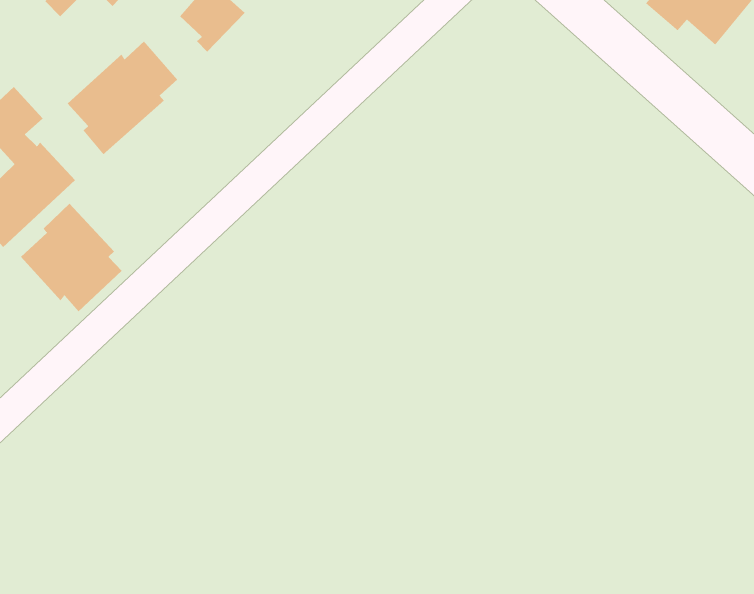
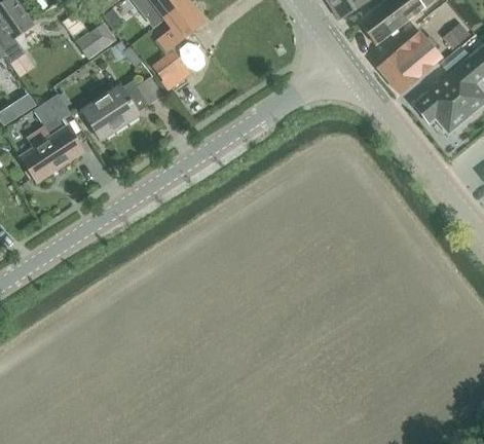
building: [20,203,122,312] -> none

